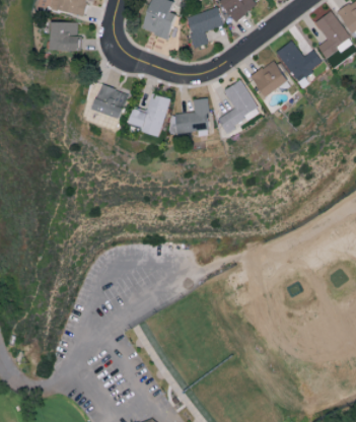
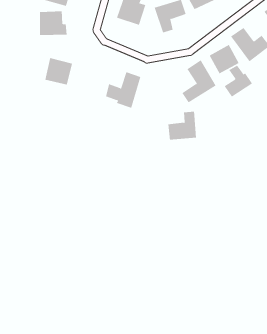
building: none -> [224,65,253,97]
building: [92,85,126,118] -> [44,58,73,85]
building: [174,98,209,133] -> [168,111,197,140]

